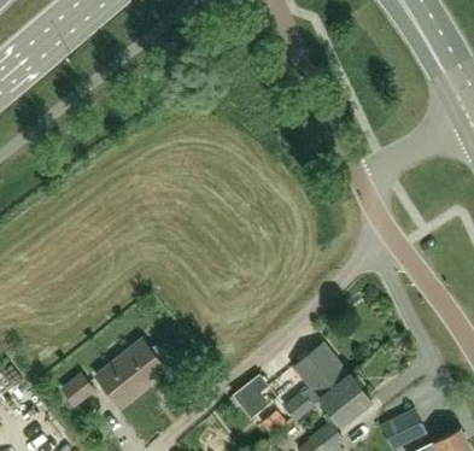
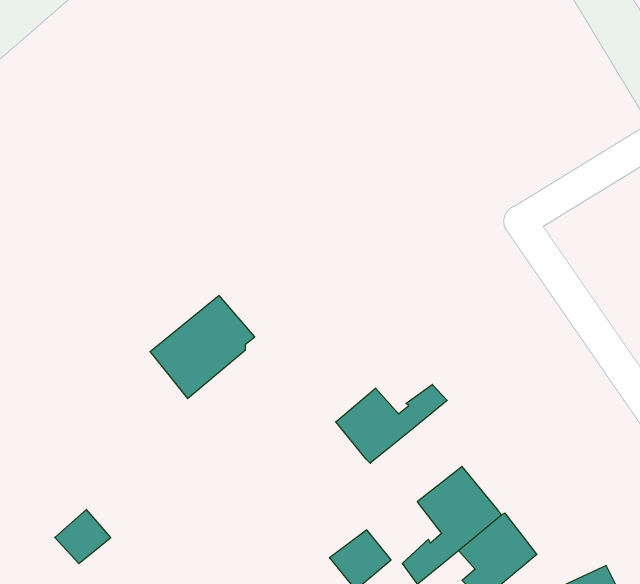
building: none -> [336,384,447,463]
building: [95,342,163,409] -> [150,296,255,398]

